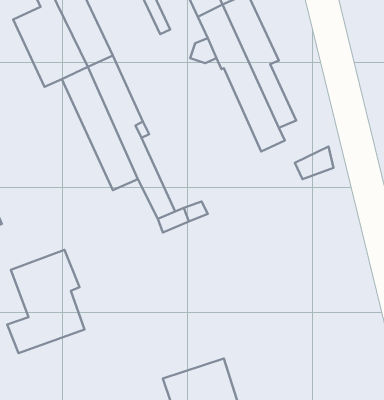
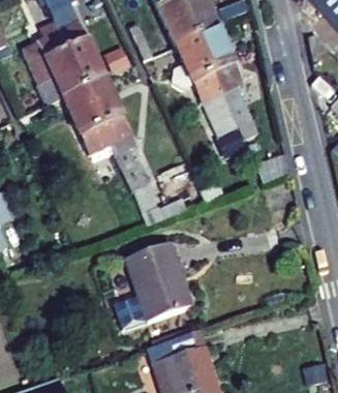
building: [7,250,84,353] -> [121,241,185,327]

